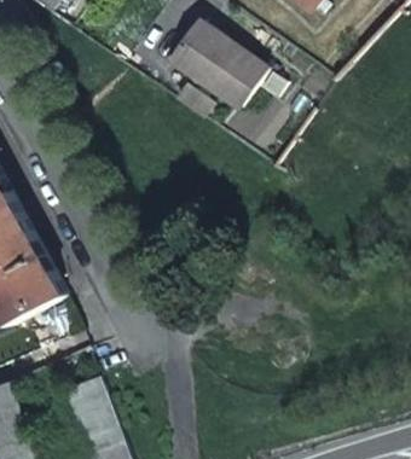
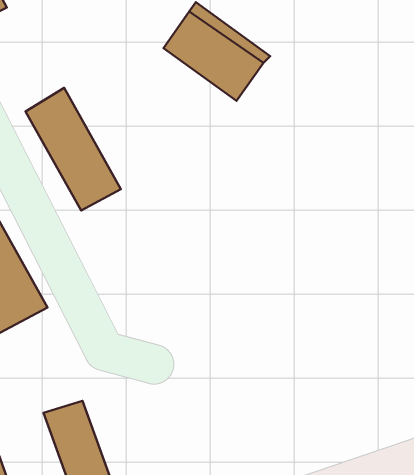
building: none -> [26,88,121,210]

